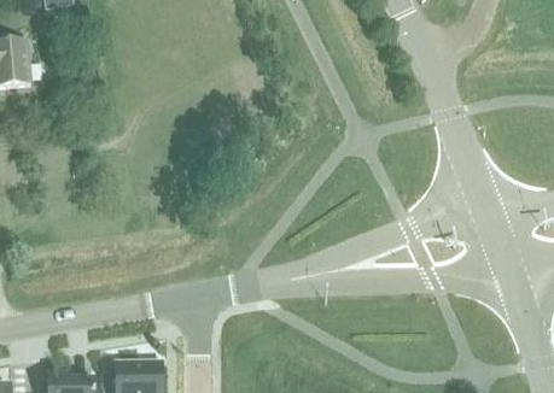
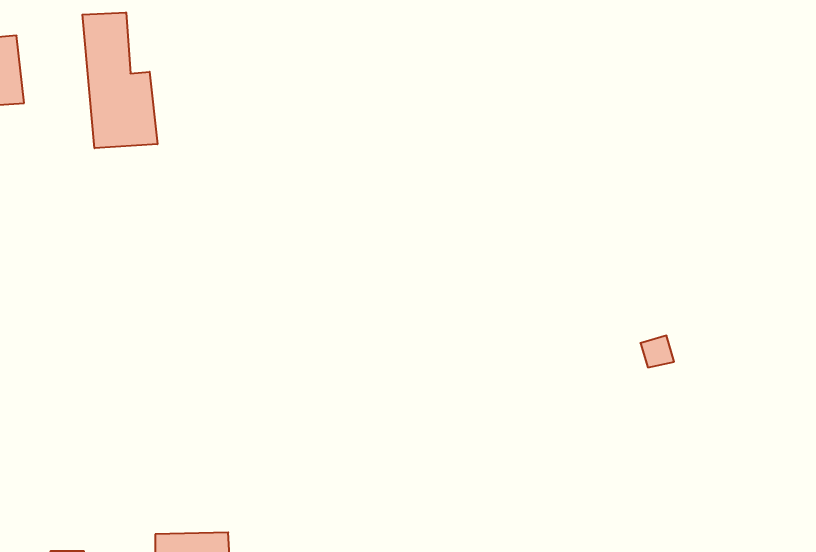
building: none -> [82,12,157,148]

